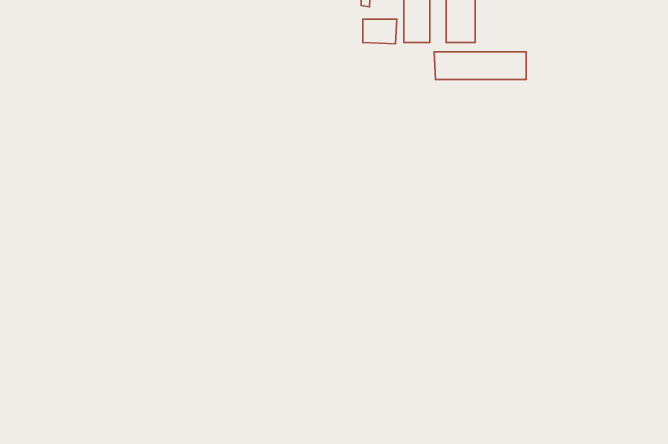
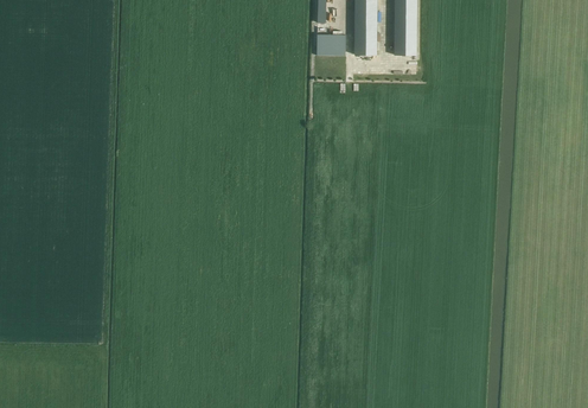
building: [434,52,526,79] -> none

